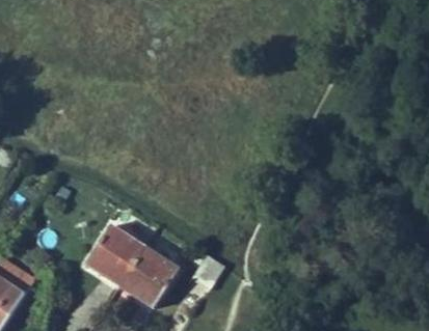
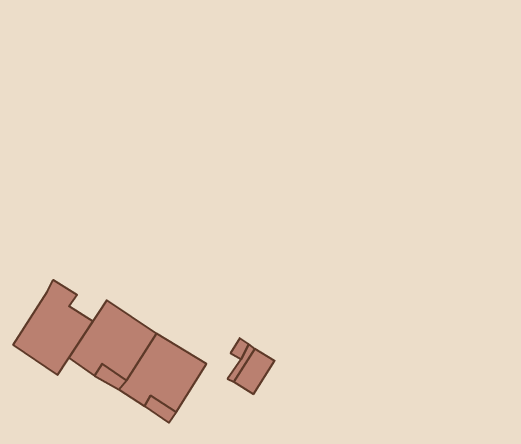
building: none -> [13,280,93,375]

